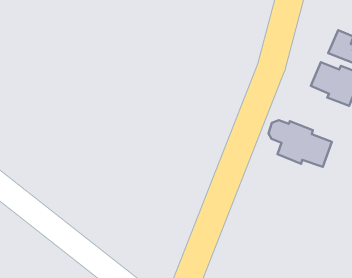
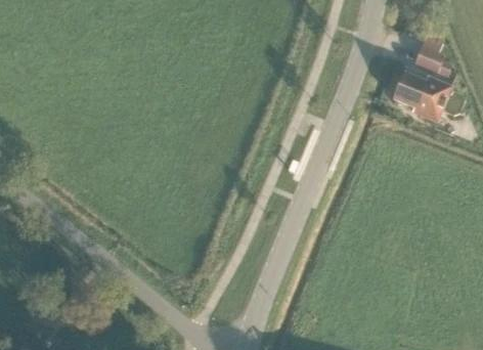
building: [268,120,332,167] -> none

